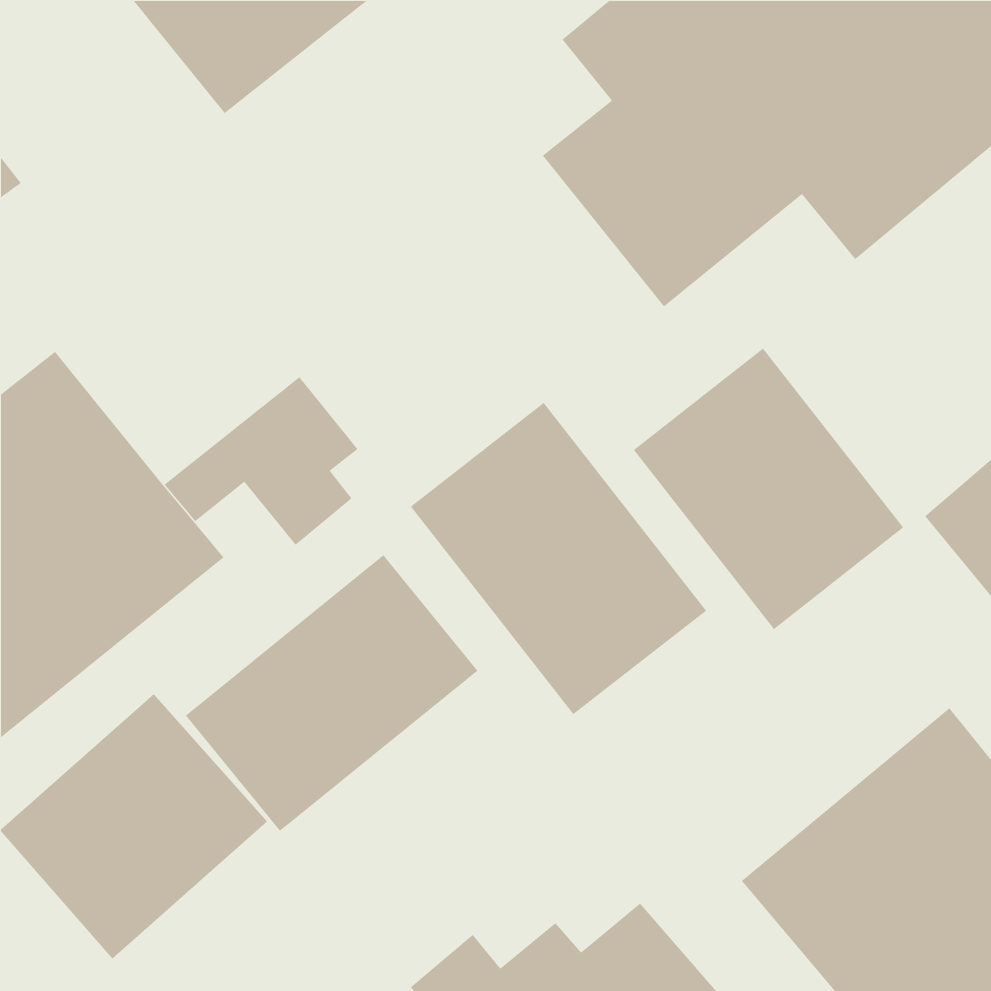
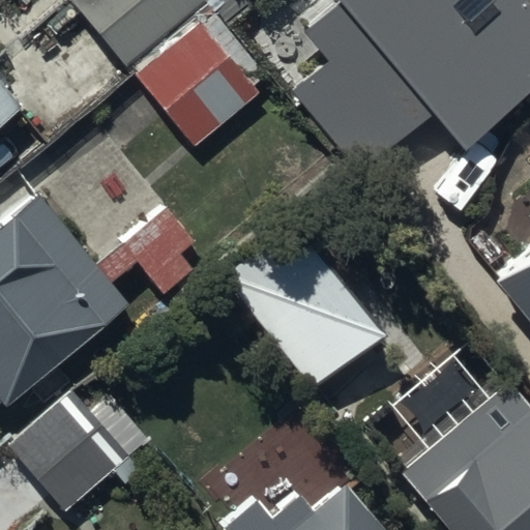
building: none -> [137,17,265,141]
building: [633,348,904,630] -> none
building: [185,554,479,832] -> none

